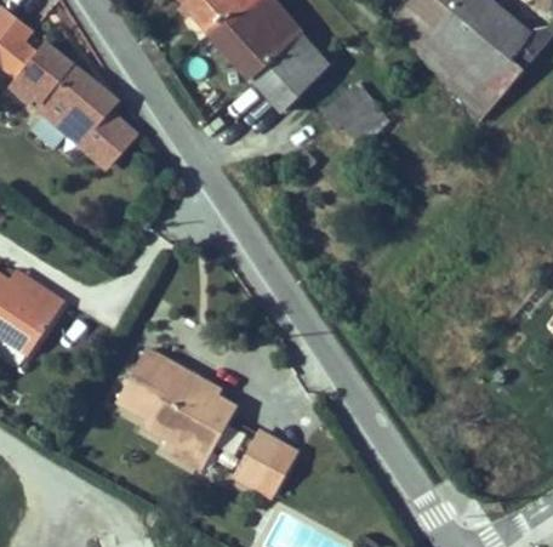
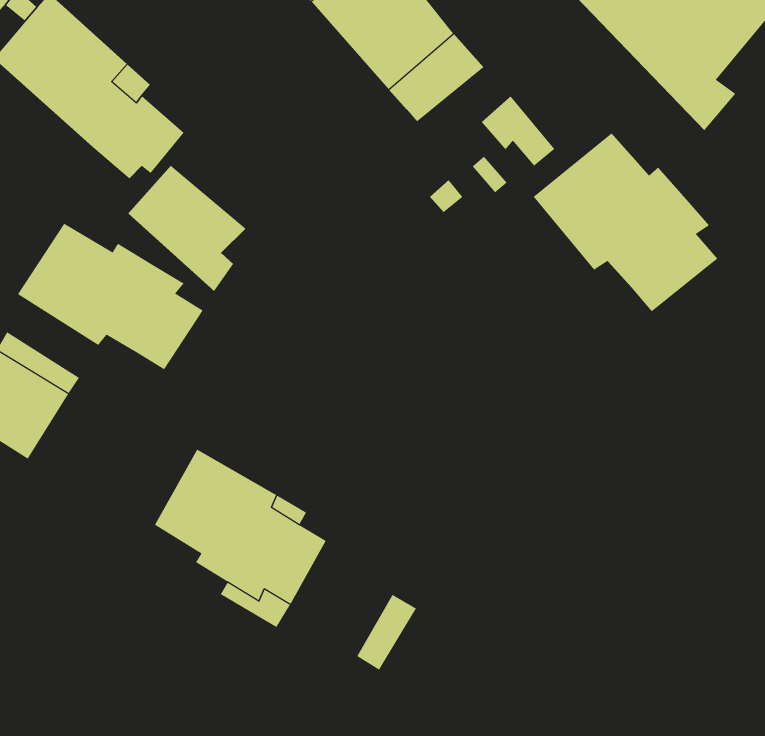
building: none -> [533,133,718,312]
building: none -> [127,165,247,292]
building: none -> [17,223,204,370]
building: [230,432,278,488] -> none

